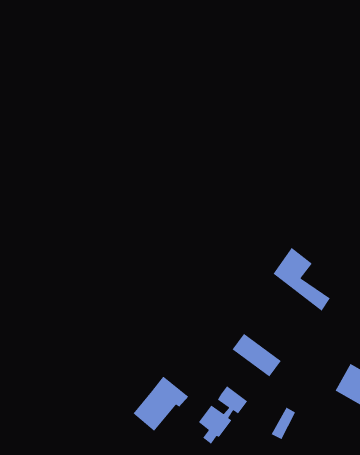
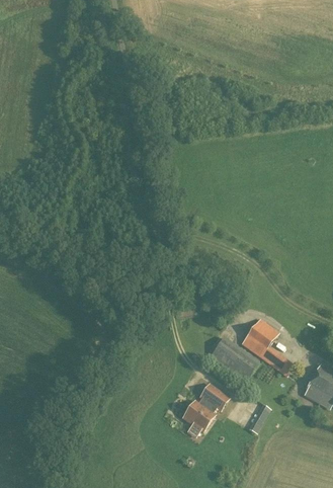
building: [273,247,331,312] -> [241,318,294,377]
building: [132,375,189,432] -> none

